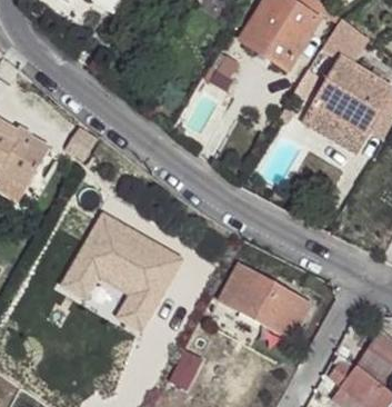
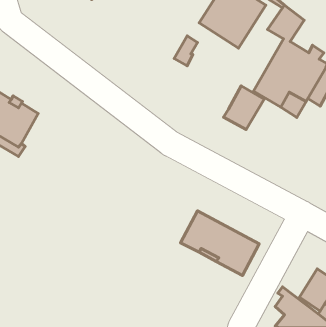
building: none -> [224,86,264,130]
building: [61,209,180,327] -> none

